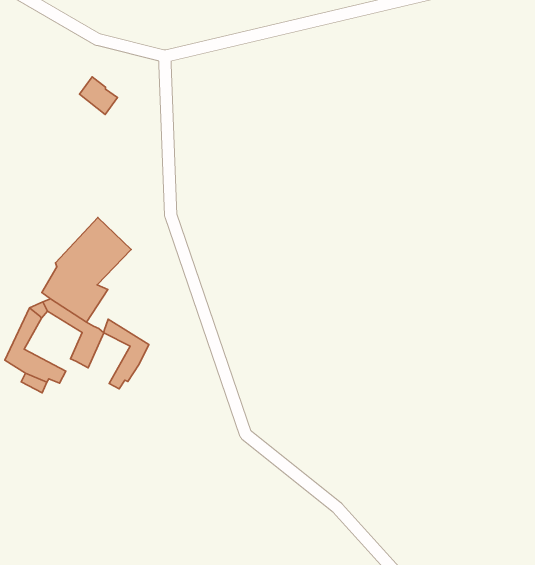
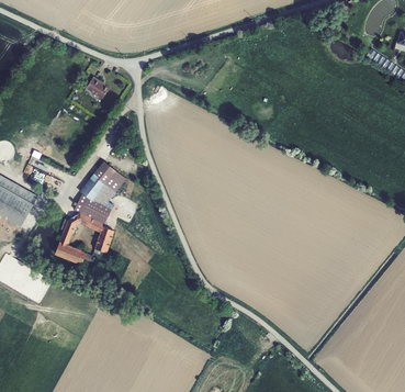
building: [104,319,149,389] -> none

